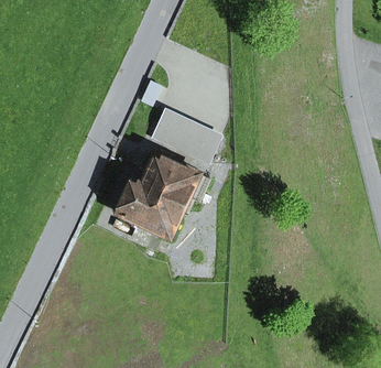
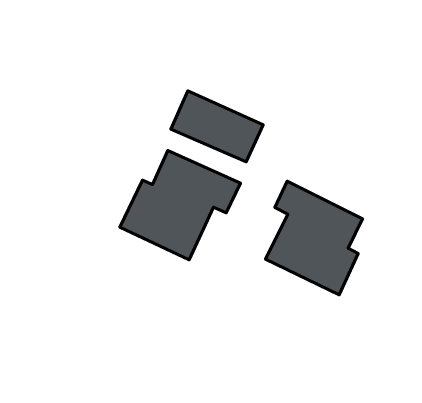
building: none -> [265,181,363,295]

